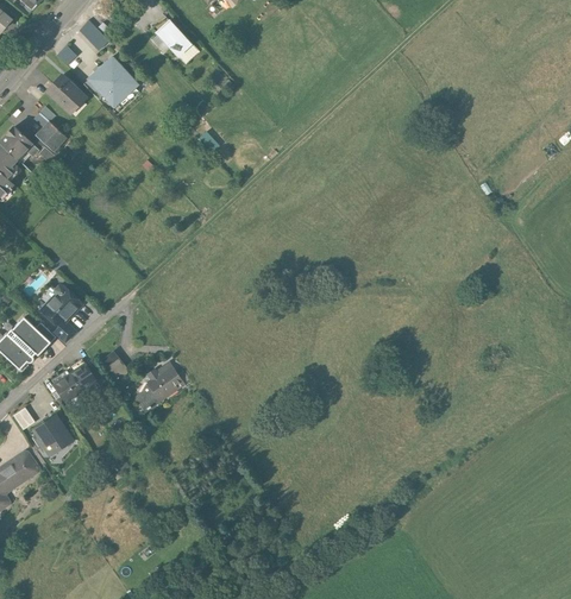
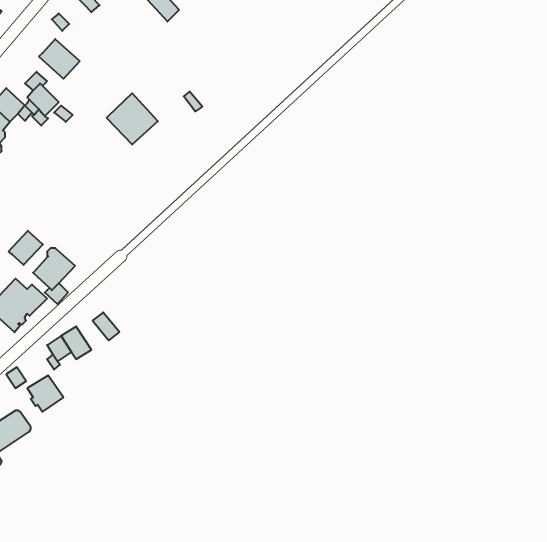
building: [87,57,139,109] -> [107,93,158,145]
building: none -> [9,231,43,265]
building: [136,362,183,412] -> none

